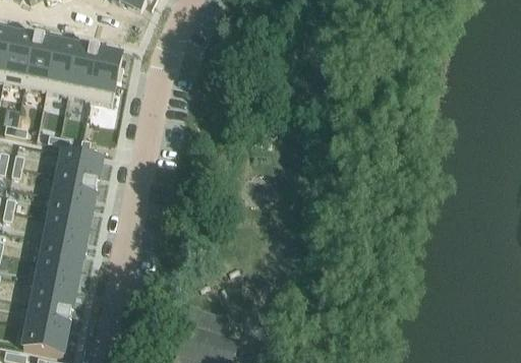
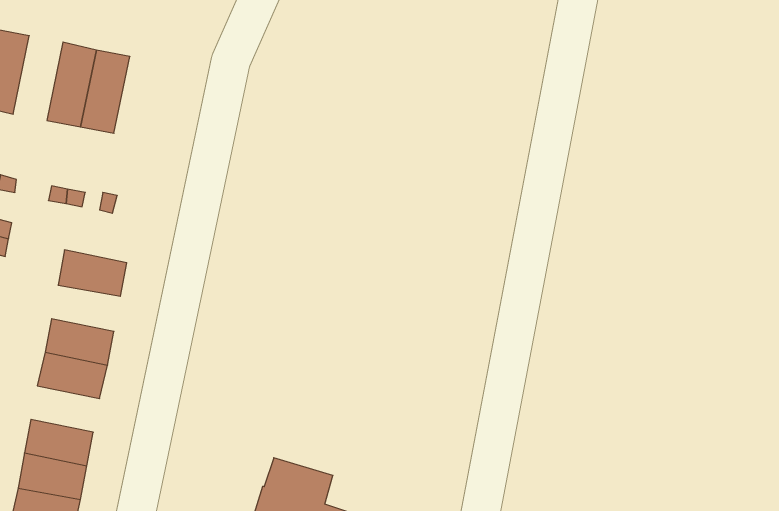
building: [24,34,56,87] -> none
building: [89,47,123,101] -> none
building: [57,147,102,178] -> none
building: [49,192,93,222] -> none
building: [36,256,79,286] -> none

